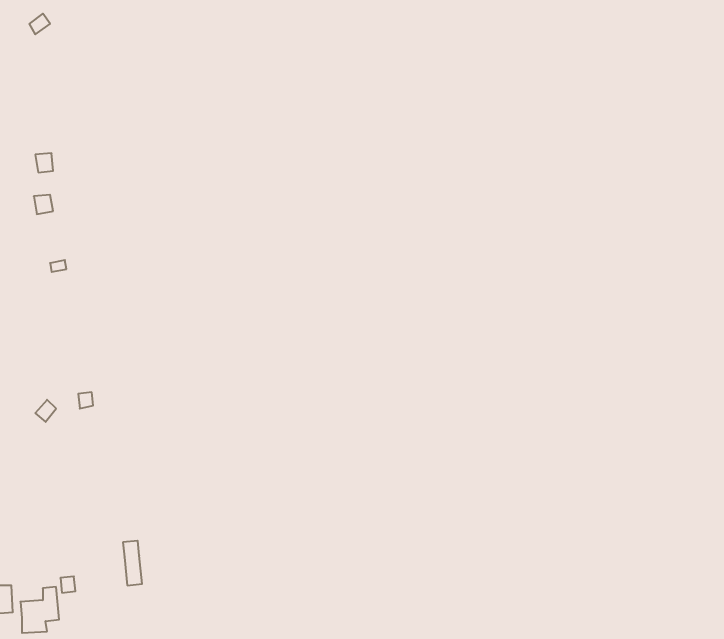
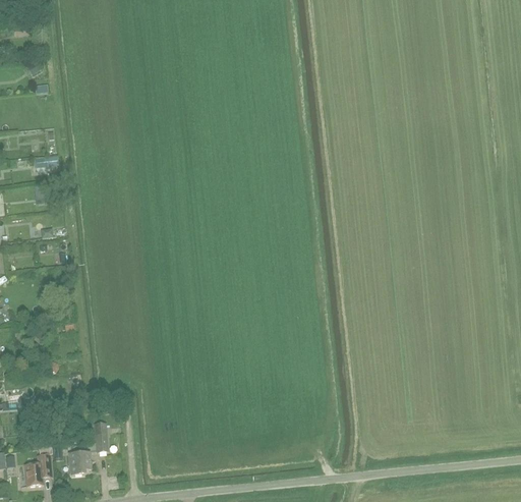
building: none -> [67,451,89,473]

